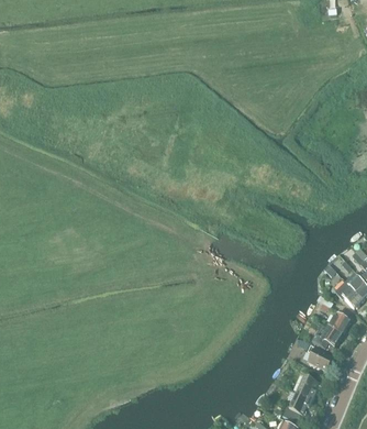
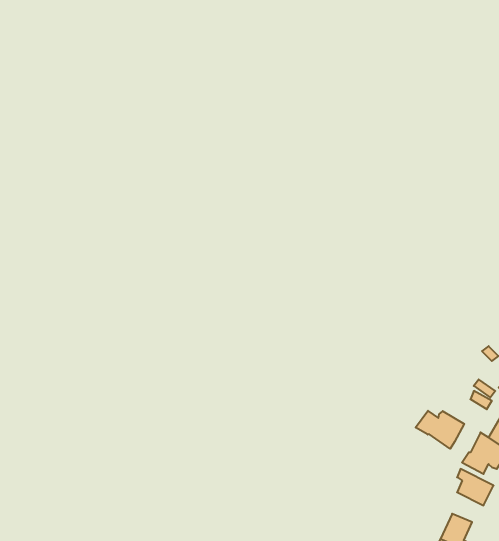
building: none -> [416,411,464,449]

